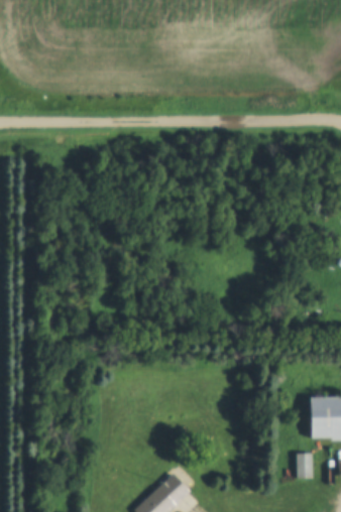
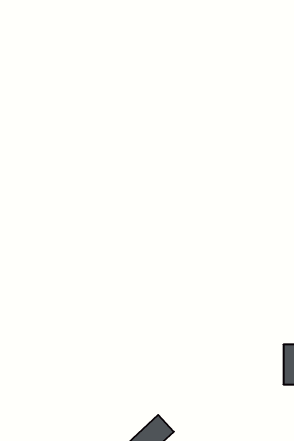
building: [297,454,313,479] -> none

